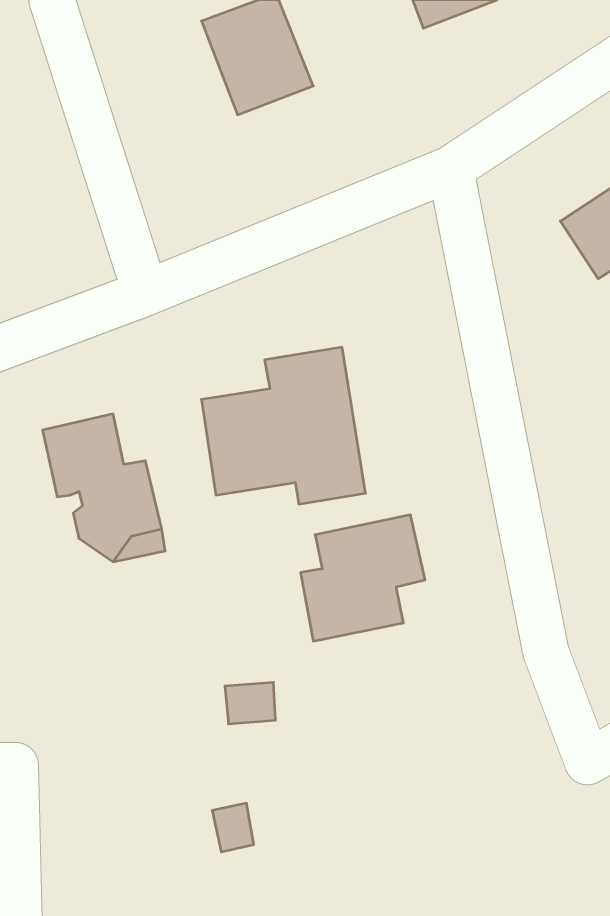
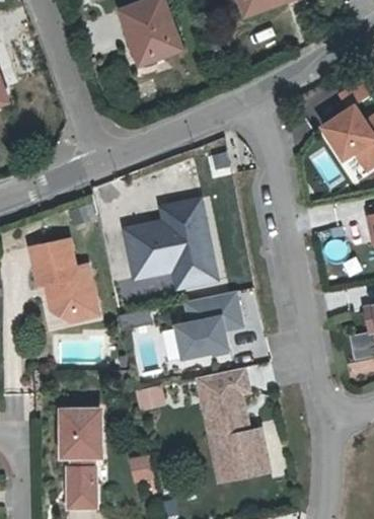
building: none -> [193,363,264,474]
building: none -> [63,415,100,510]

